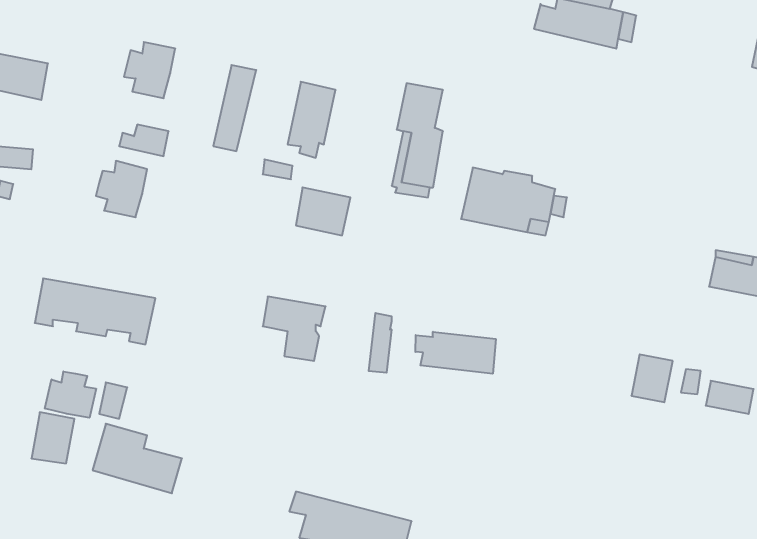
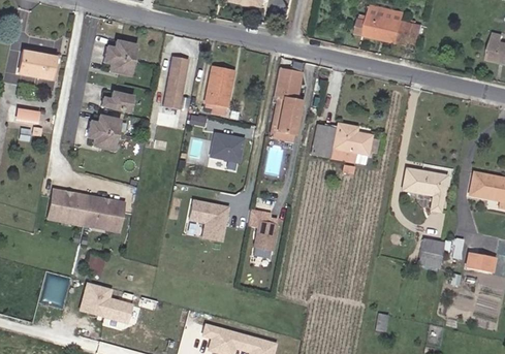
building: none -> [403,168,445,210]
building: [415,332,496,374] -> none
building: [45,371,96,418] -> none

